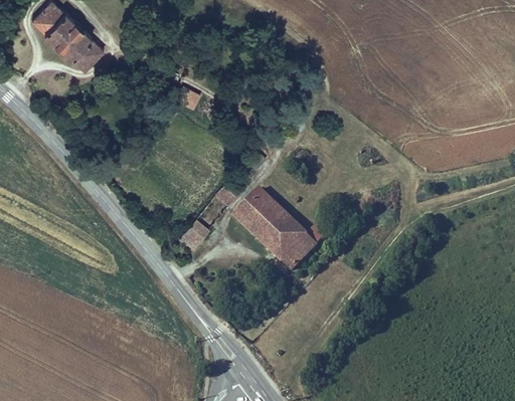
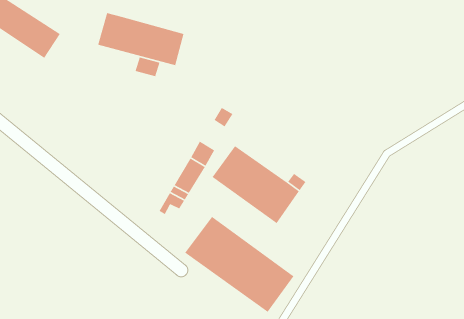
building: none -> [97,12,185,66]
building: none -> [184,216,294,313]

